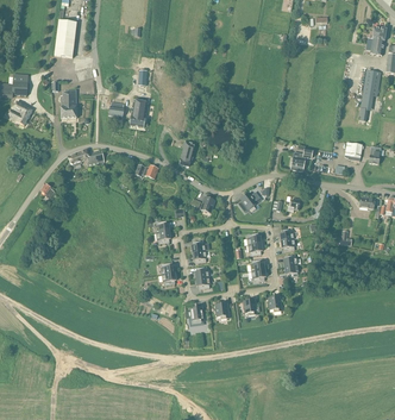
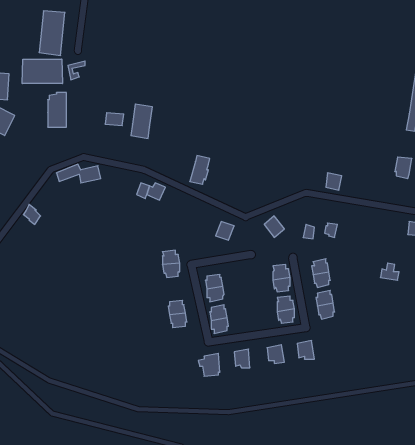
building: none -> [22,59,62,84]

